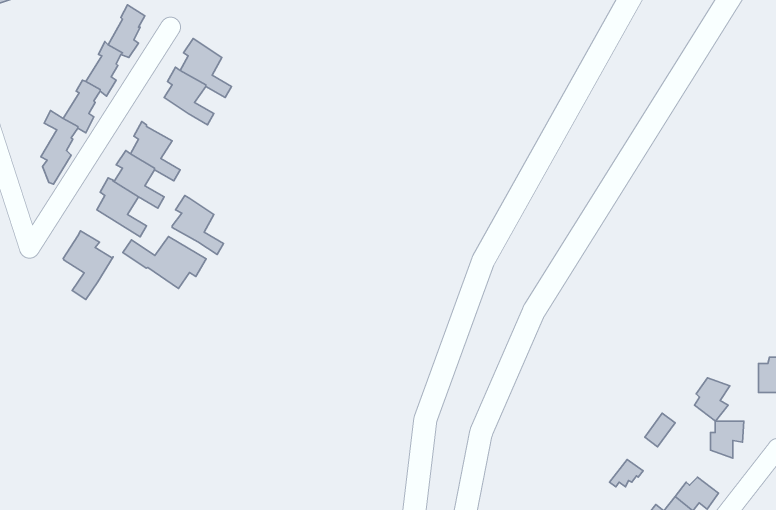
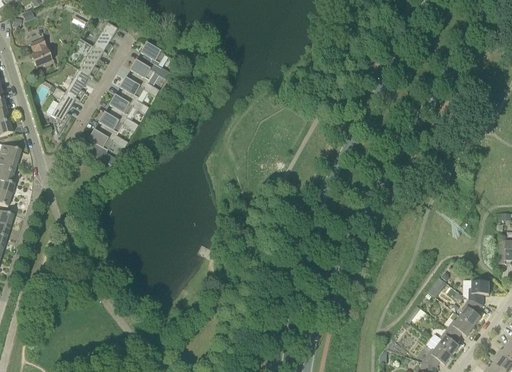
building: none -> [30,37,52,66]
building: [172,195,223,255] -> [117,76,149,113]
building: [63,231,113,300] -> none
building: [123,236,206,288] -> none
building: [695,378,730,421] -> [461,298,483,325]

